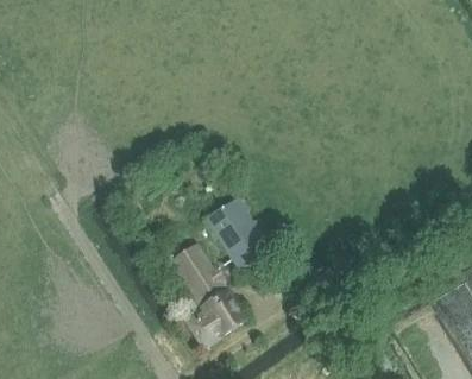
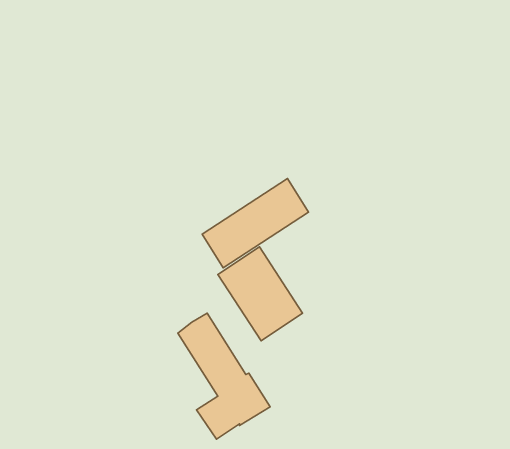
building: none -> [202,179,308,268]

